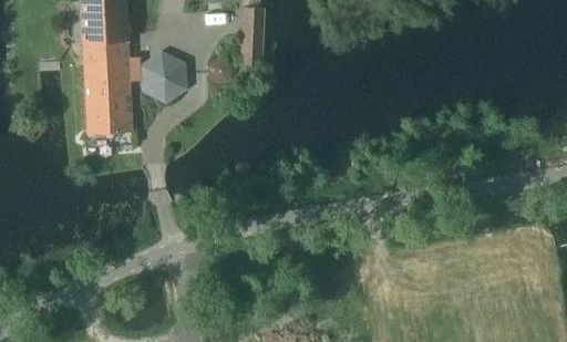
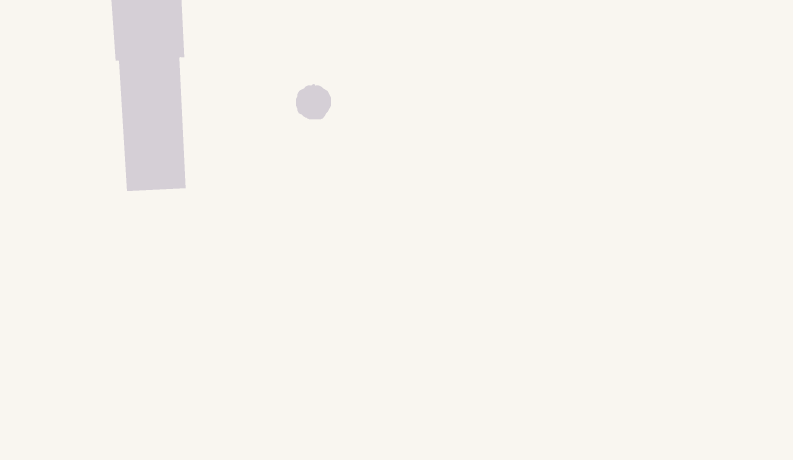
building: [240,8,266,69] -> none
building: [142,51,187,105] -> none

